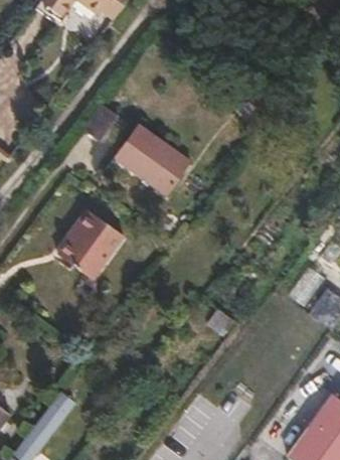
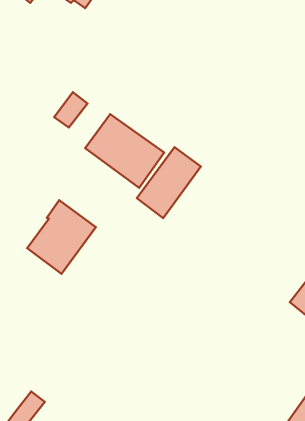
building: none -> [137,147,201,218]

